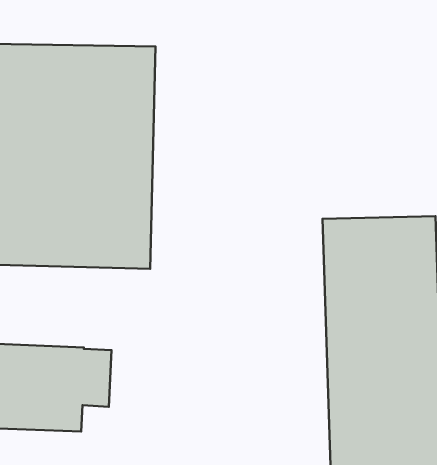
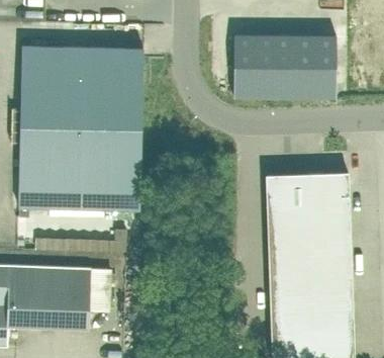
building: none -> [233,36,337,98]

